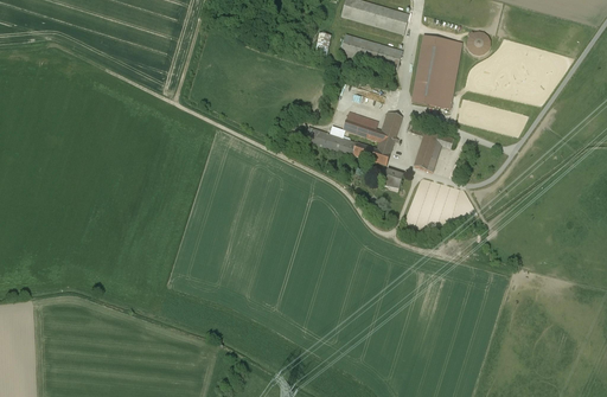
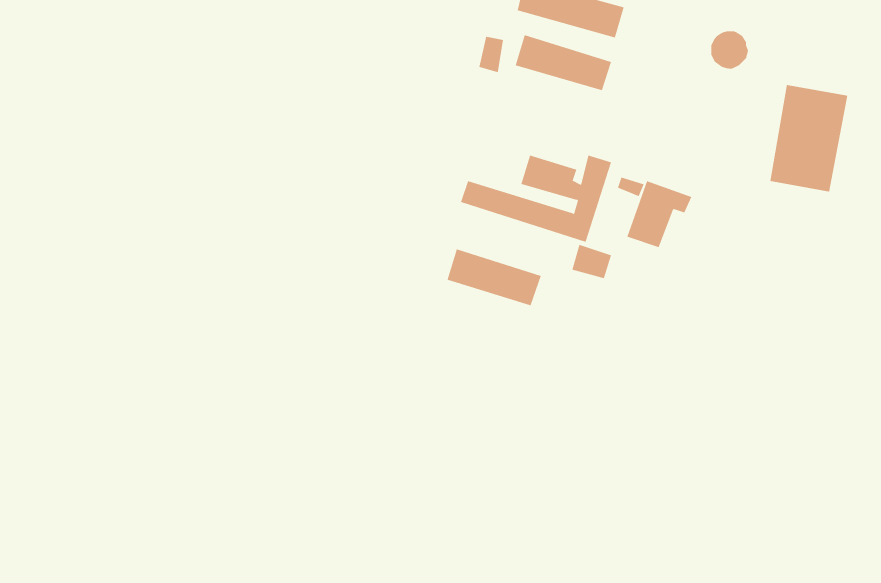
building: [411,37,462,107] -> [770,84,848,192]
building: none -> [447,248,542,306]

